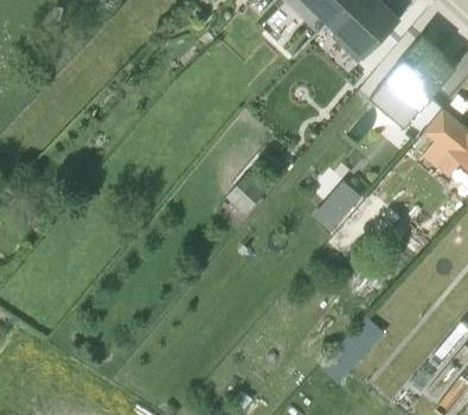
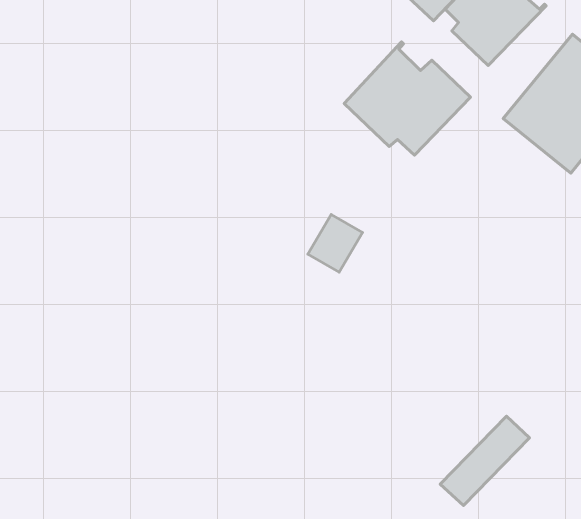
building: none -> [344,42,470,155]
building: [314,175,366,228] -> none

